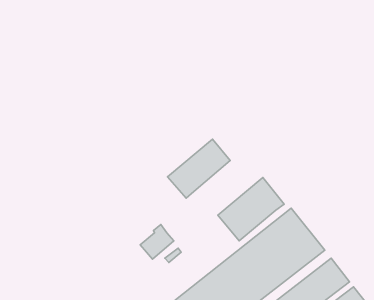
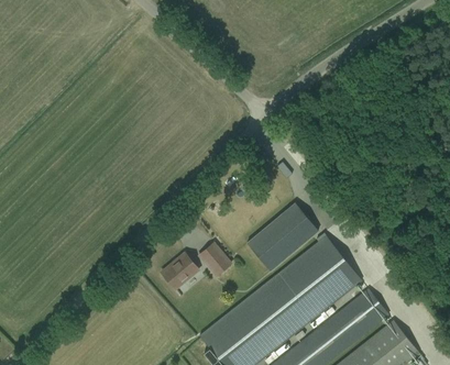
building: [167,139,230,198] -> none
building: none -> [197,244,230,277]

